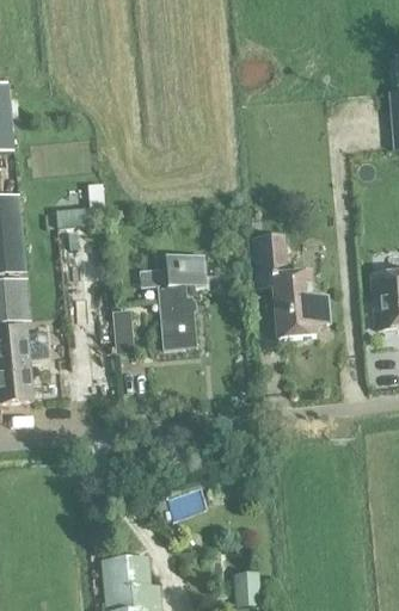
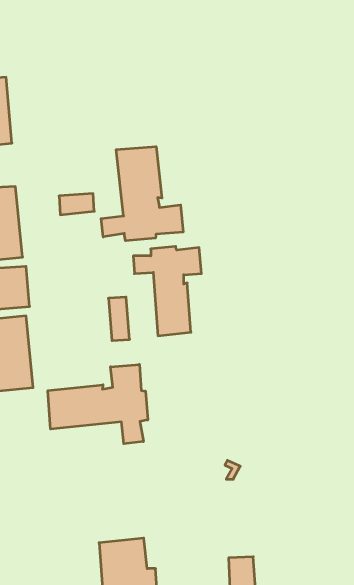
building: none -> [101,147,183,241]
building: [251,235,329,335] -> none
building: none -> [48,364,148,444]

